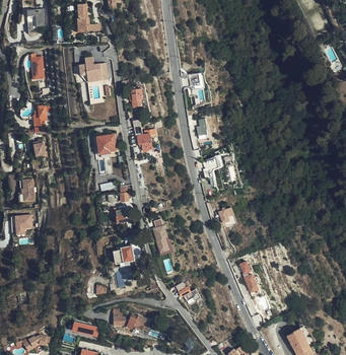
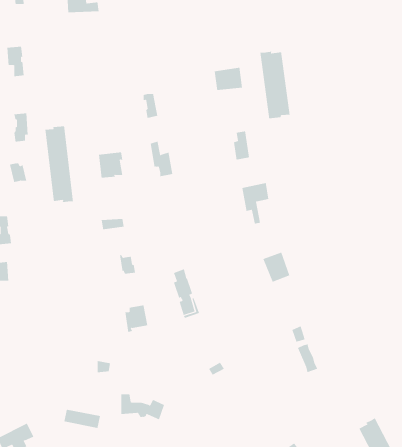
building: [79,58,108,83] -> none
building: none -> [260,51,290,119]
building: none -> [45,126,73,203]

